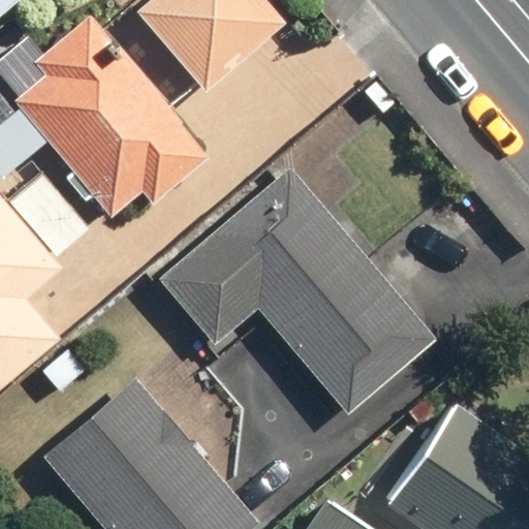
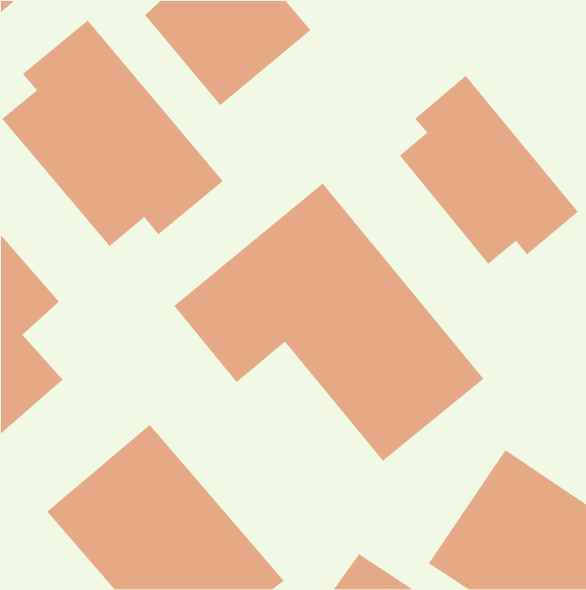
building: none -> [399,75,579,265]

